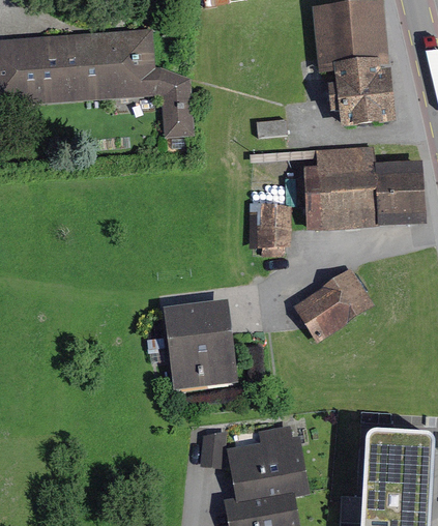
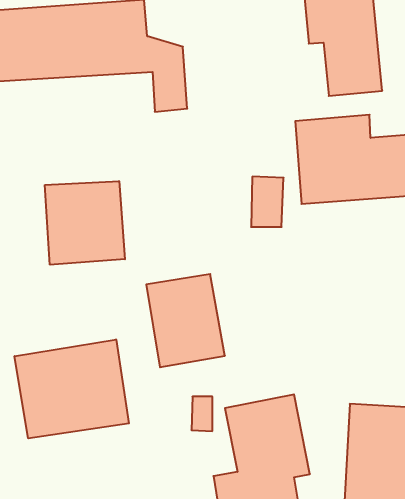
building: none -> [45,181,125,265]
building: [293,265,375,341] -> none
building: none -> [15,339,129,438]

